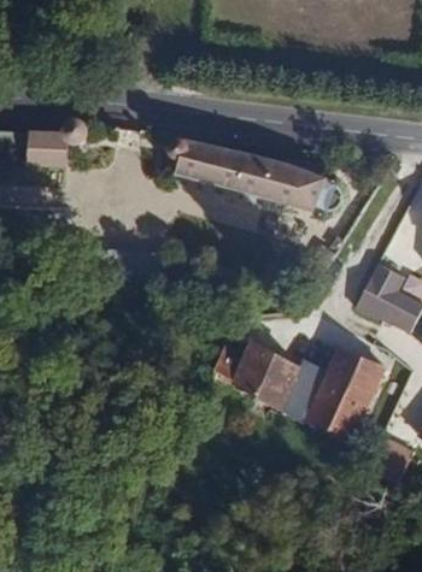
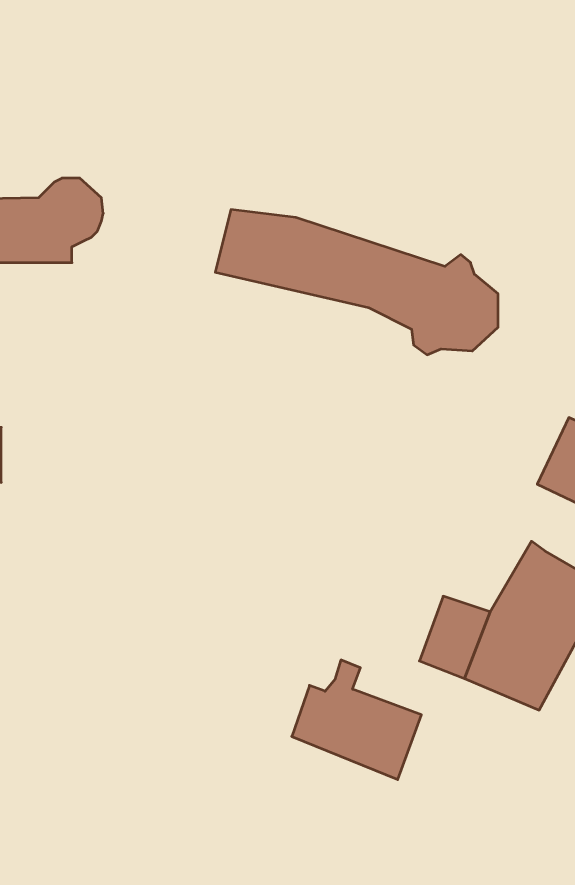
building: [222,340,301,413] -> [292,660,421,780]

